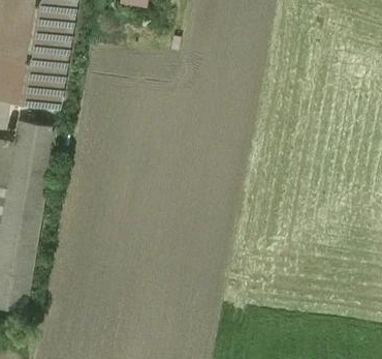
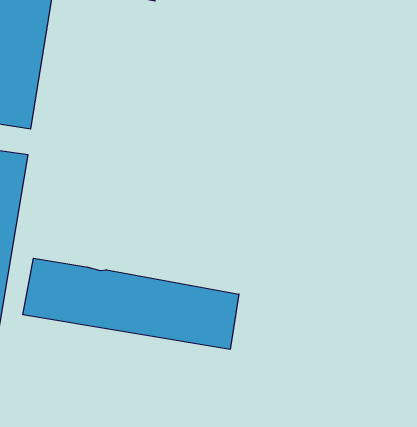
building: none -> [23,258,239,349]

